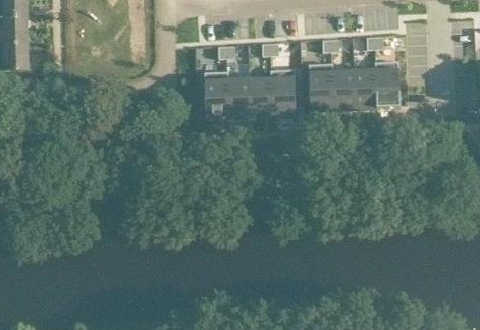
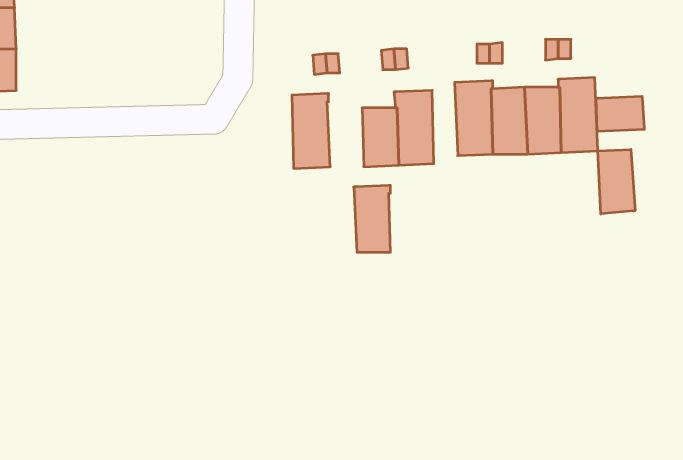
building: none -> [596,96,644,132]
building: [227,74,251,117] -> [354,185,390,252]
building: none -> [598,149,635,214]

